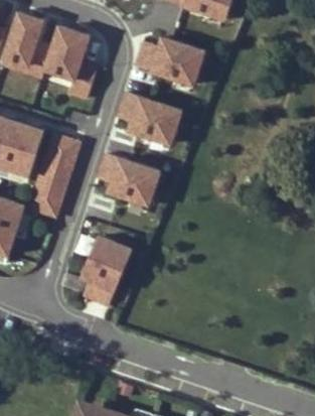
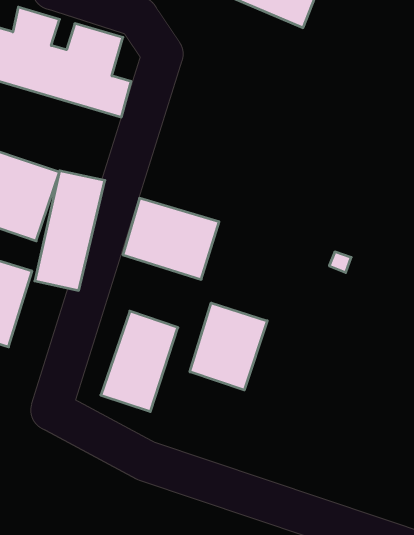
building: [132,35,207,93] -> none
building: [110,89,185,151] -> none
building: none -> [190,303,267,390]

